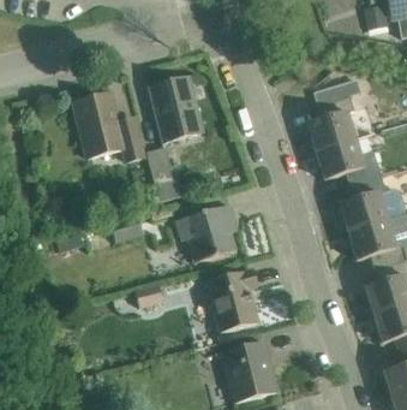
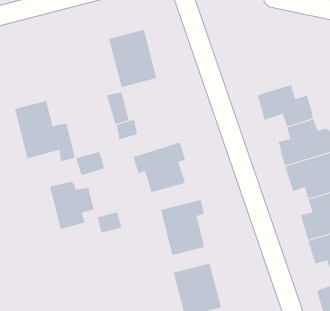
building: [307,78,369,150] -> none
building: [73,91,143,161] -> [14,100,75,162]
building: none -> [50,181,94,230]

